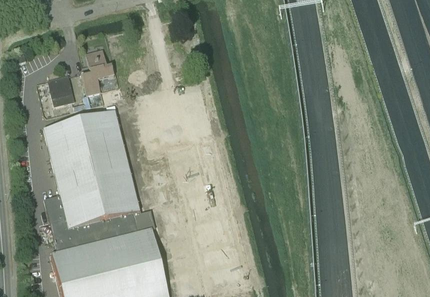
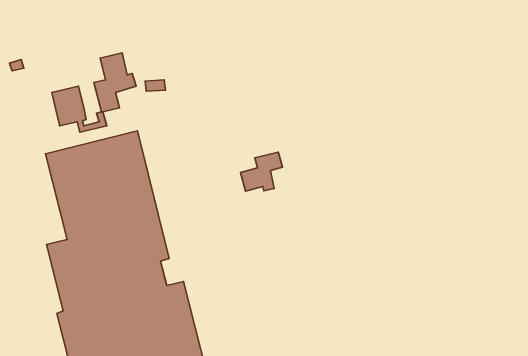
building: none -> [240,152,283,191]

